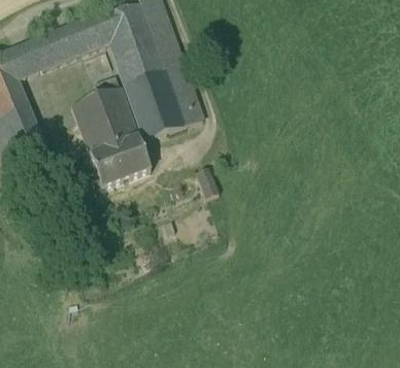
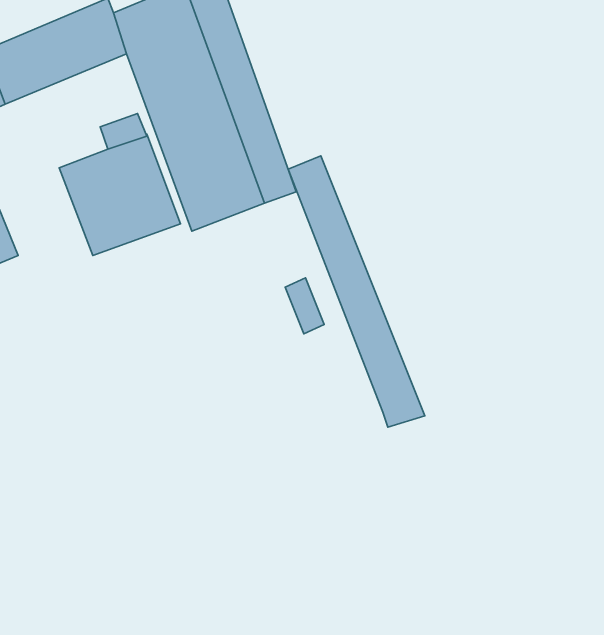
building: none -> [288,156,425,427]
building: [91,135,152,187] -> none

